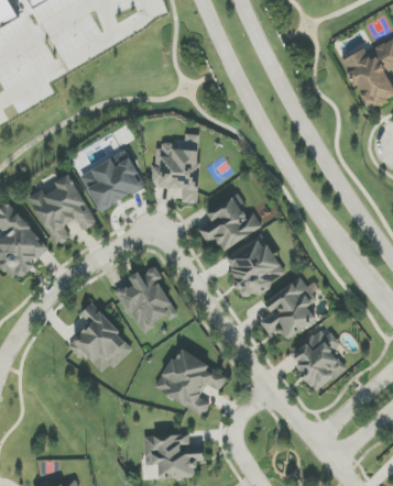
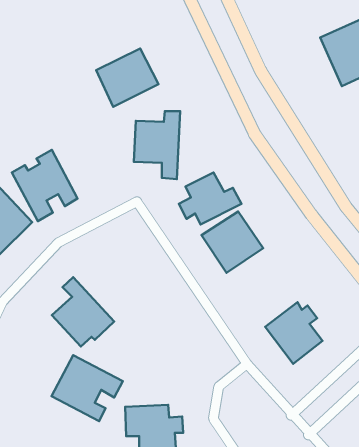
building: [80,151,144,210] -> [96,49,159,107]
building: [117,264,175,331] -> none
building: [260,276,316,338] -> none
building: [155,347,228,415] -> [52,355,123,421]

